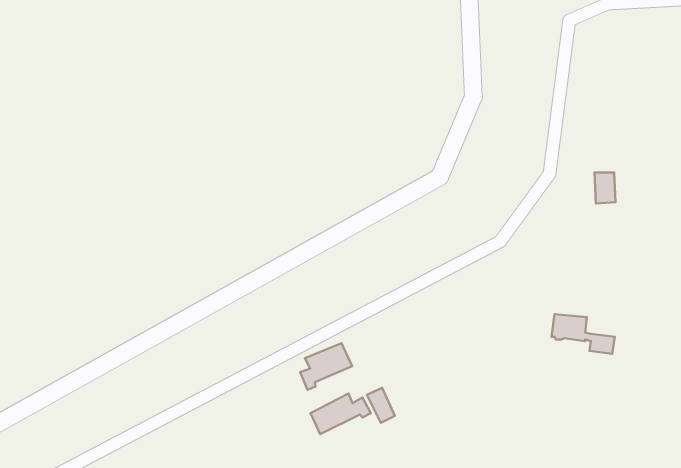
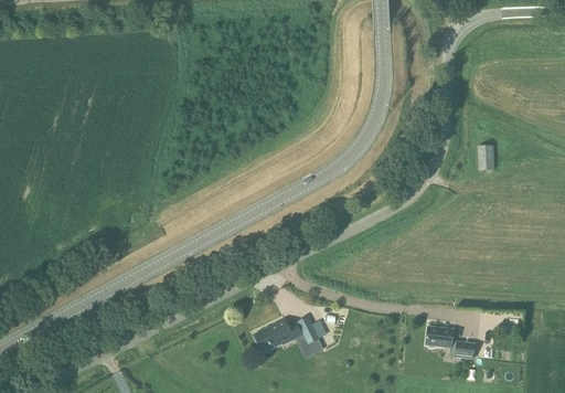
building: [552,314,615,354] -> [426,327,476,358]
building: [300,343,352,390] -> none

